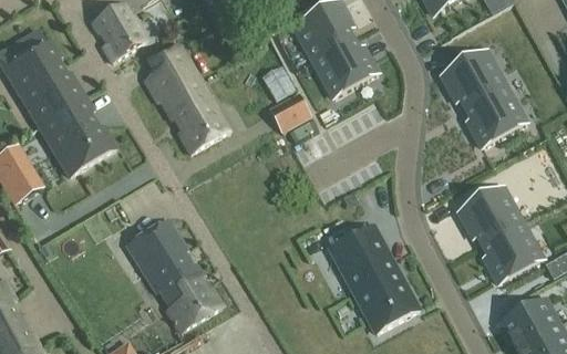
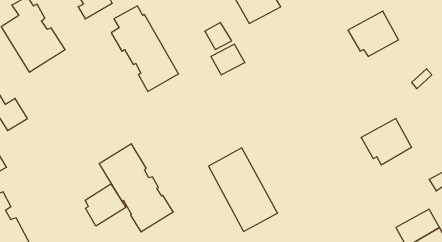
building: [317,43,381,101] -> none
building: [467,85,526,145] -> none
building: [38,97,114,175] -> none
building: [484,221,543,282] -> none
building: [331,223,419,330] -> [209,148,278,231]
building: none -> [85,184,126,226]

